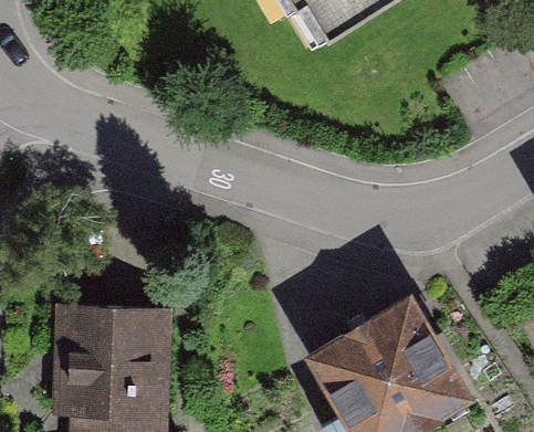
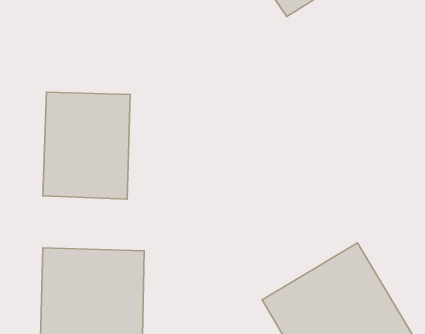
building: none -> [43,92,130,199]

